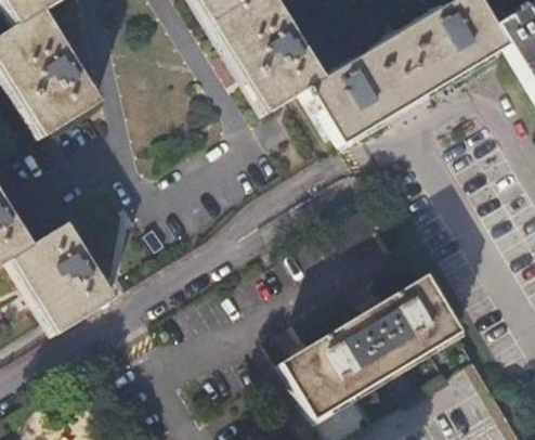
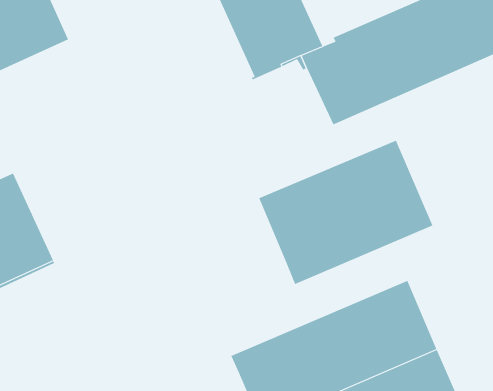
building: none -> [259,140,433,285]

